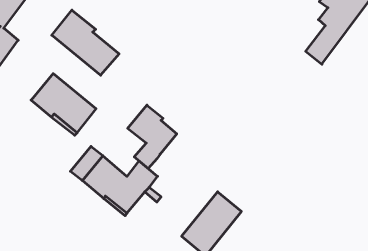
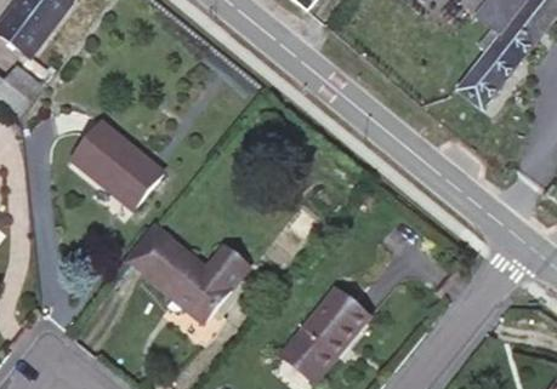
building: [52,10,119,75] -> none
building: [128,105,177,169] -> none

